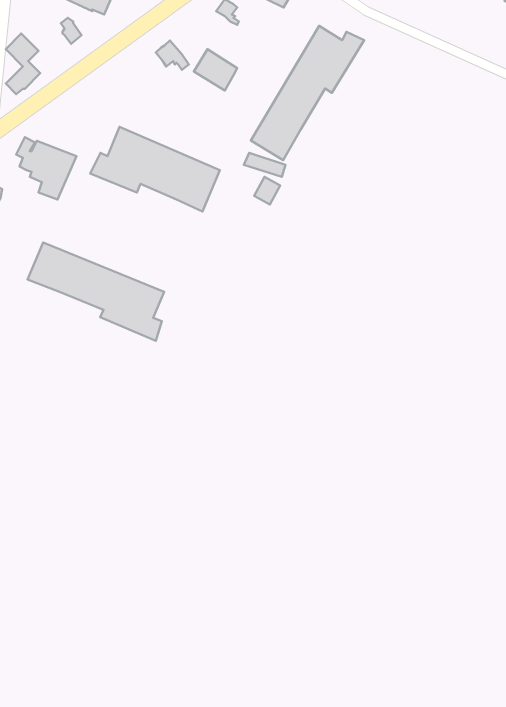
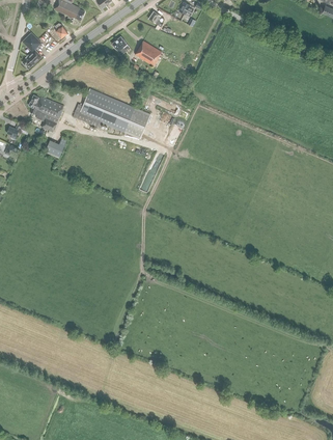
building: [251,26,364,160] -> none
building: [28,243,164,341] -> none

